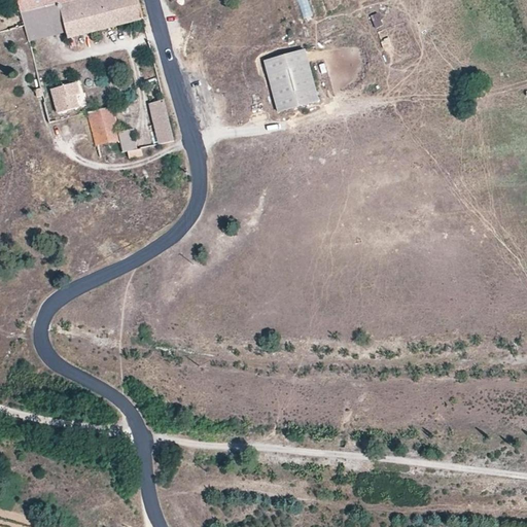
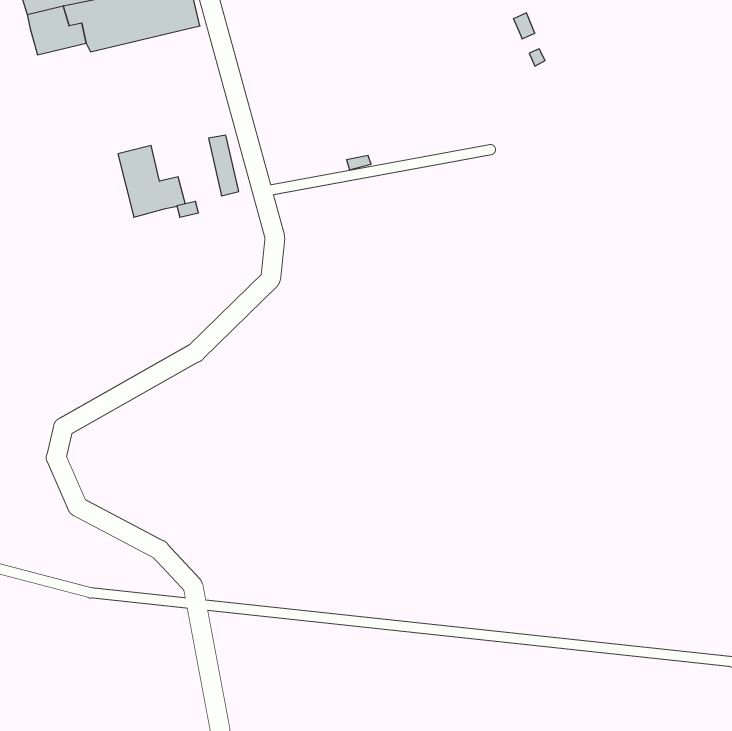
building: [264,50,317,111] -> none
building: [50,78,79,109] -> none

